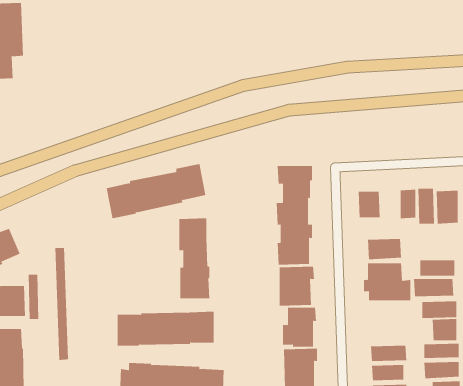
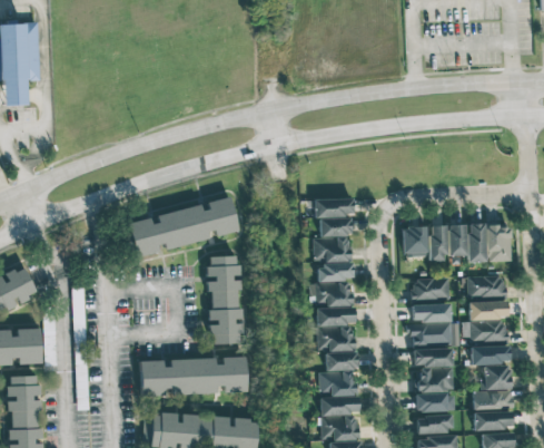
building: none -> [429,225,447,261]
building: none -> [468,275,505,298]
building: none -> [414,348,454,392]

